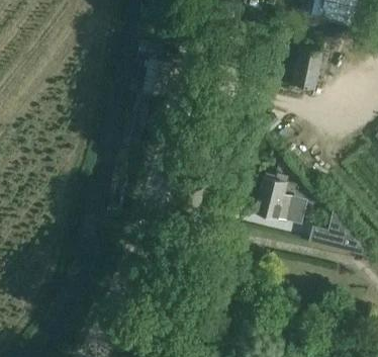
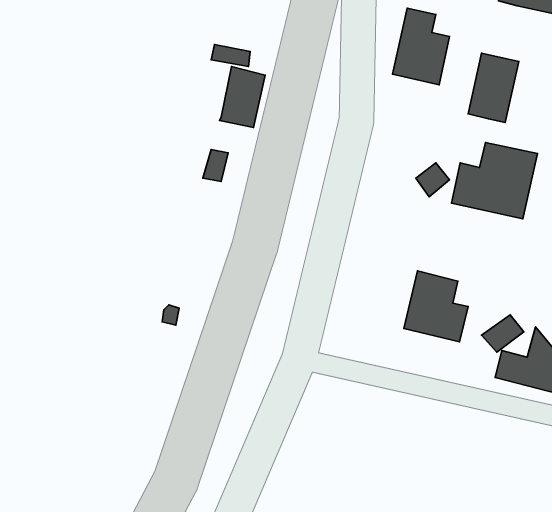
building: none -> [393,8,450,85]
building: none -> [451,143,537,219]

